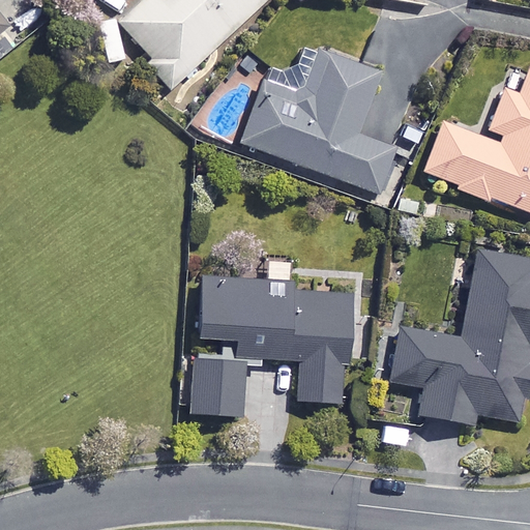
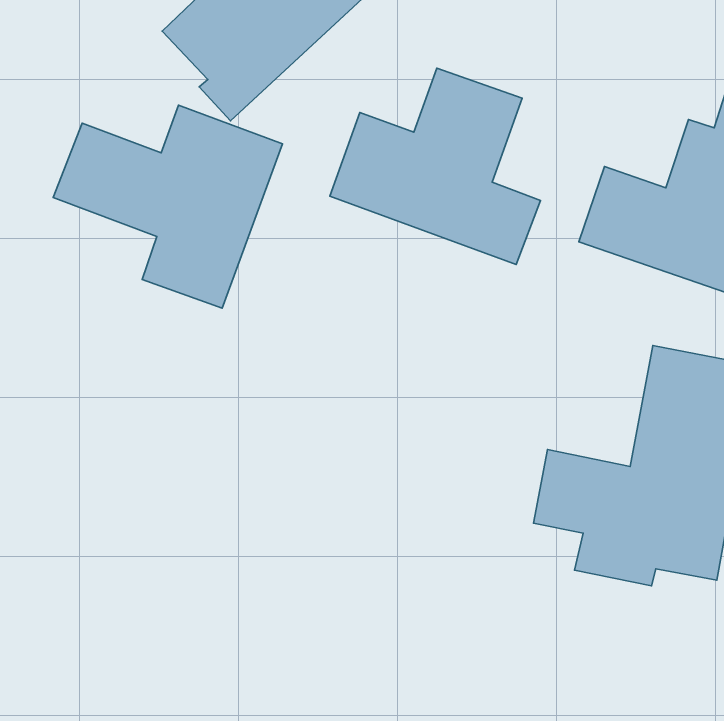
building: none -> [53,105,282,308]
building: [196,260,350,416] -> none

